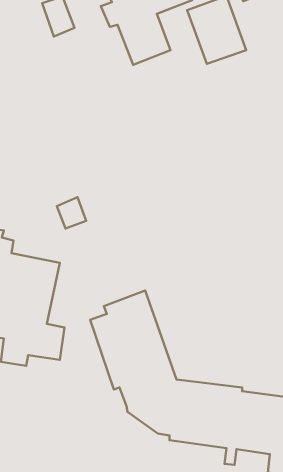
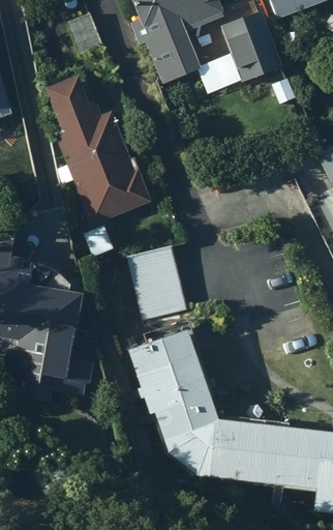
building: none -> [44,66,152,224]
building: none -> [124,245,186,319]

